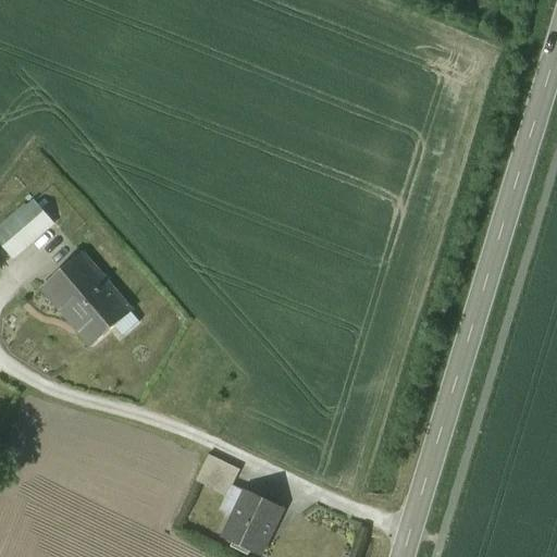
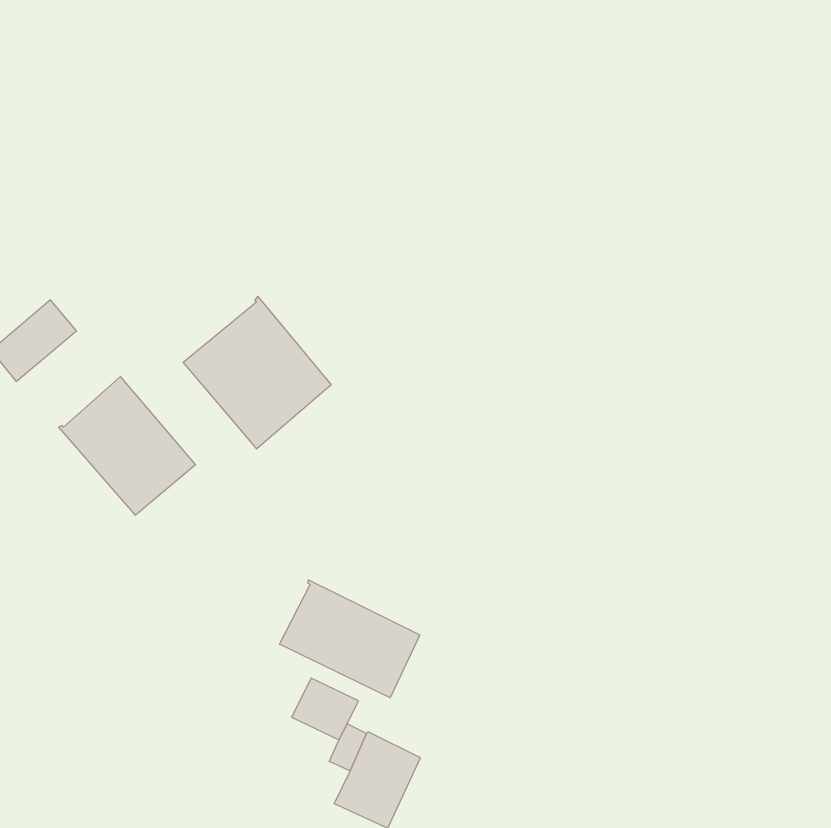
building: none -> [183,296,331,449]
building: none -> [279,580,420,698]

